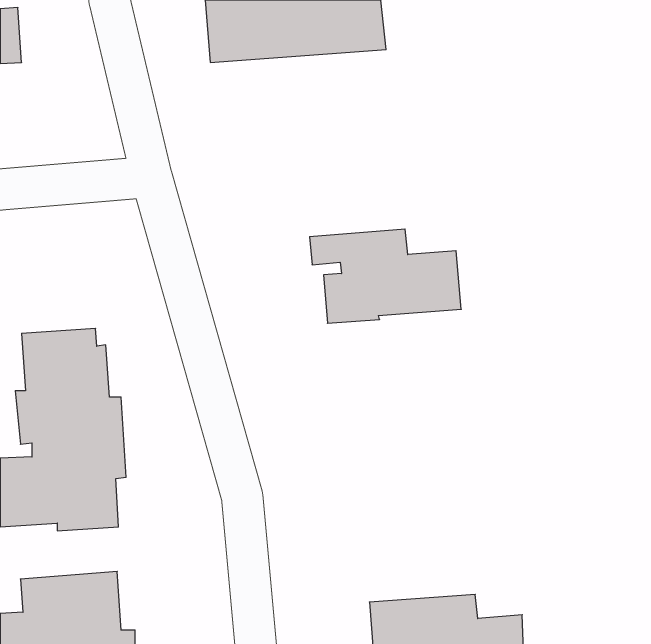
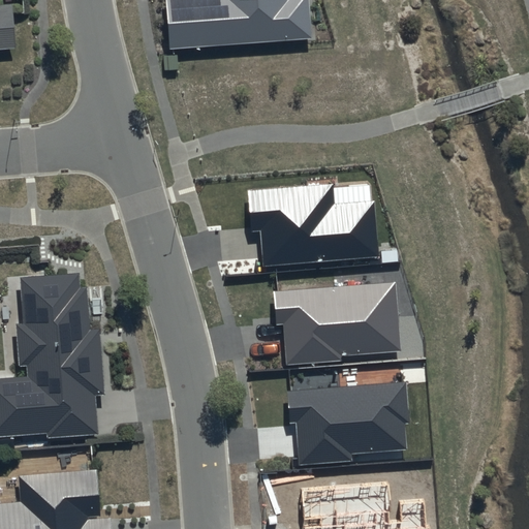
building: none -> [272,282,398,364]
building: none -> [283,380,409,463]

